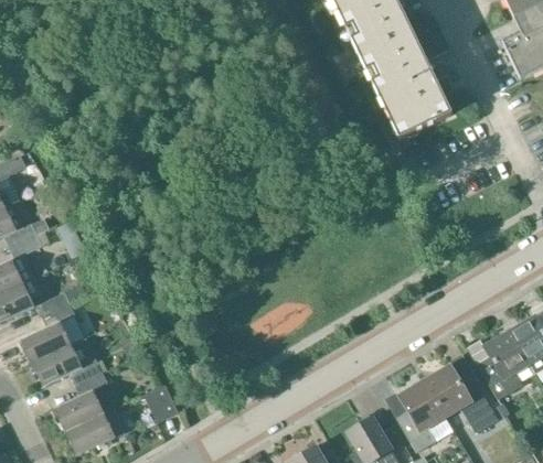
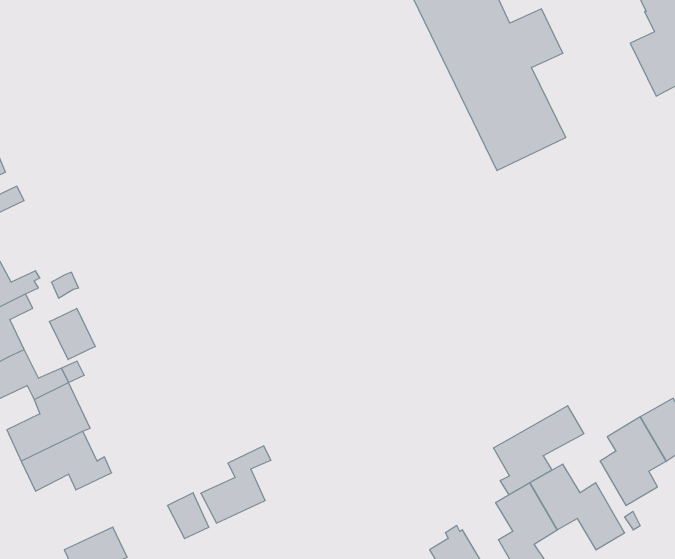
building: none -> [49,308,95,360]
building: none -> [493,406,584,495]
building: [53,372,107,431] -> [201,446,271,523]

